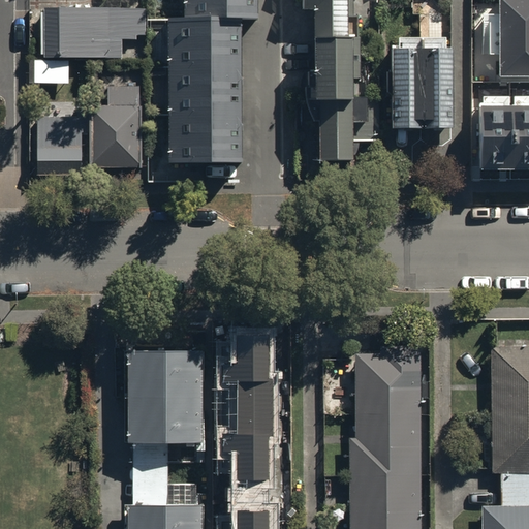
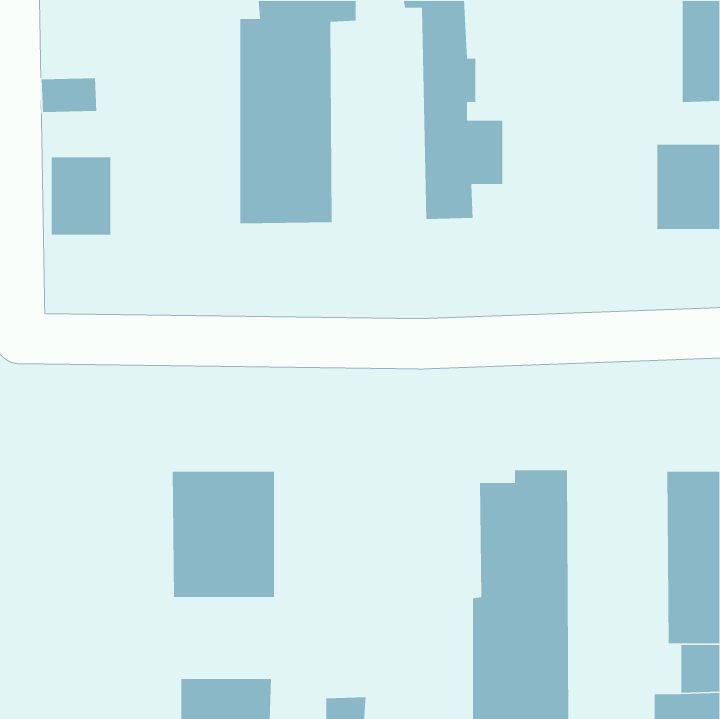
building: [43,6,150,54] -> none
building: [388,46,442,125] -> none
building: [91,84,146,166] -> none
building: [224,337,274,481] -> none
building: [132,439,170,498] -> none

